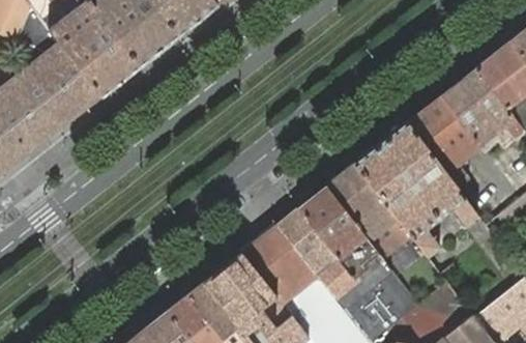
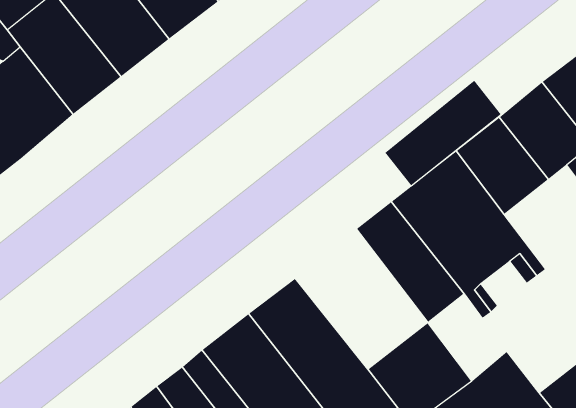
building: none -> [385,80,502,186]
building: [277,187,383,298] -> none

